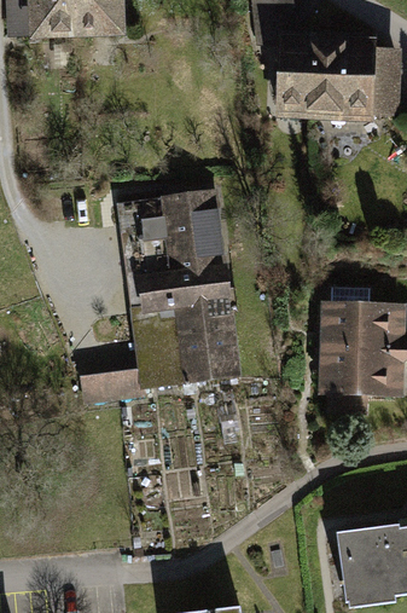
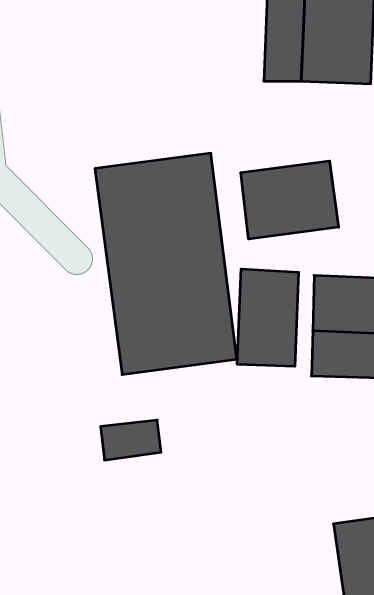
building: none -> [241,161,339,239]
building: none -> [237,269,299,366]
building: [81,364,138,401] -> [101,420,161,460]

